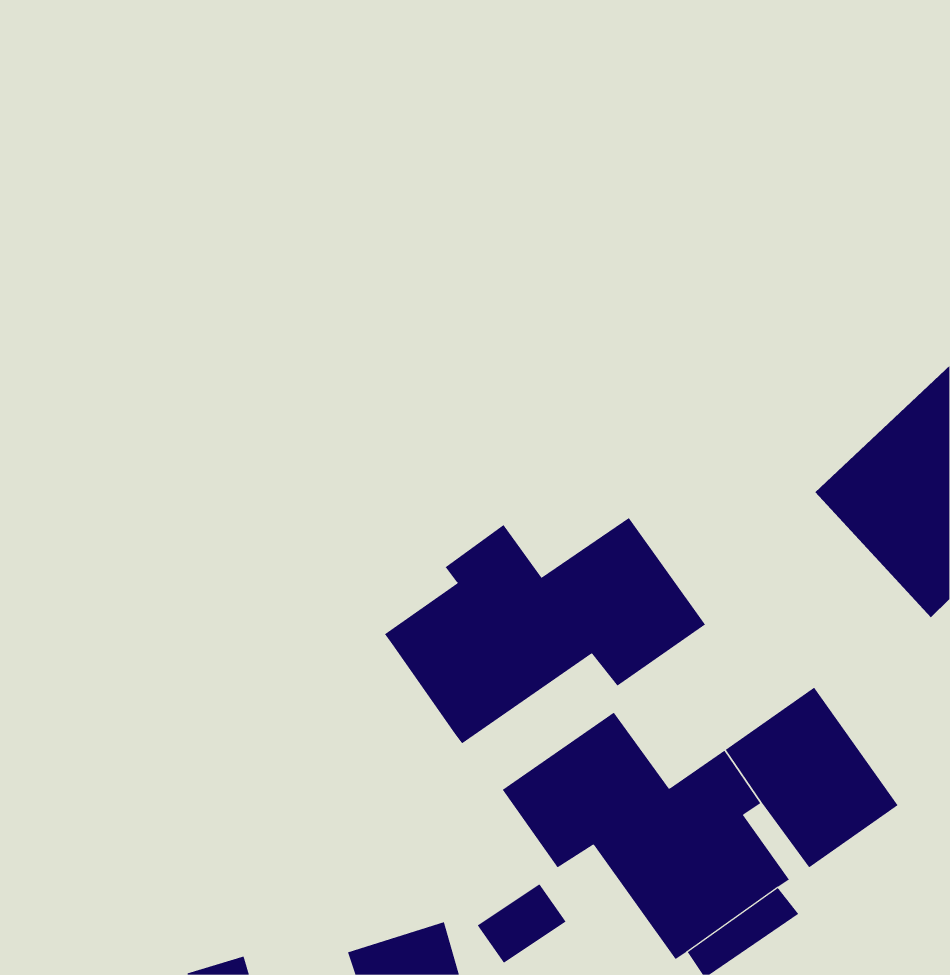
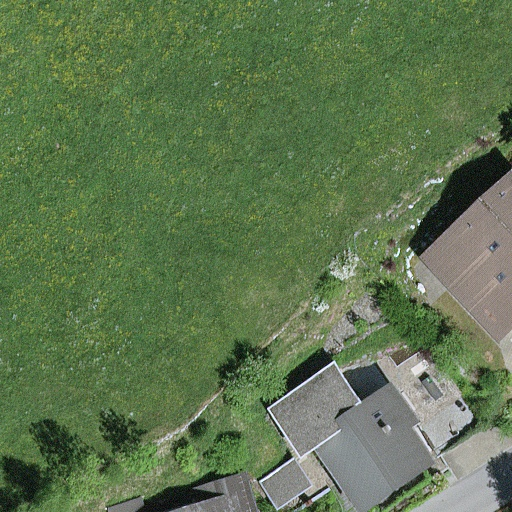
building: [384,517,706,744] -> none

